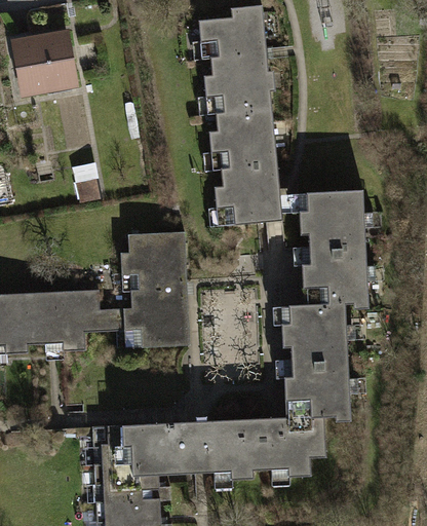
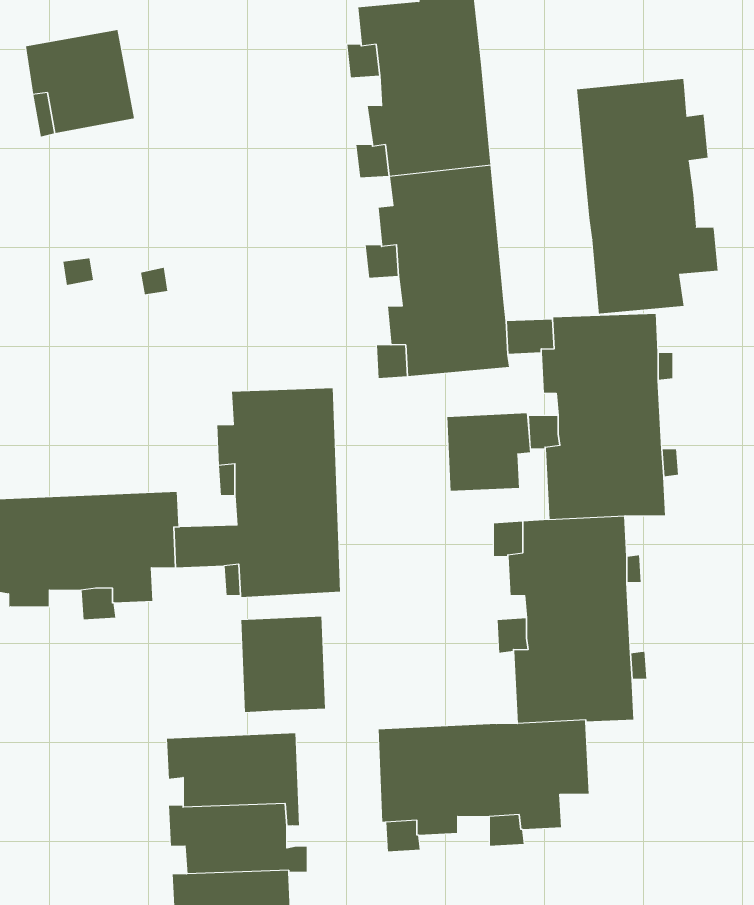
building: none -> [576,78,718,314]
building: none -> [447,412,530,491]
building: [164,420,211,474] -> [240,616,326,713]

